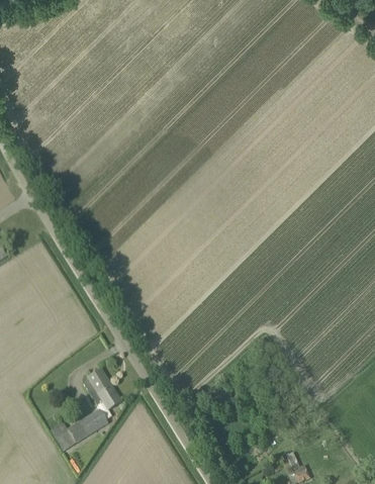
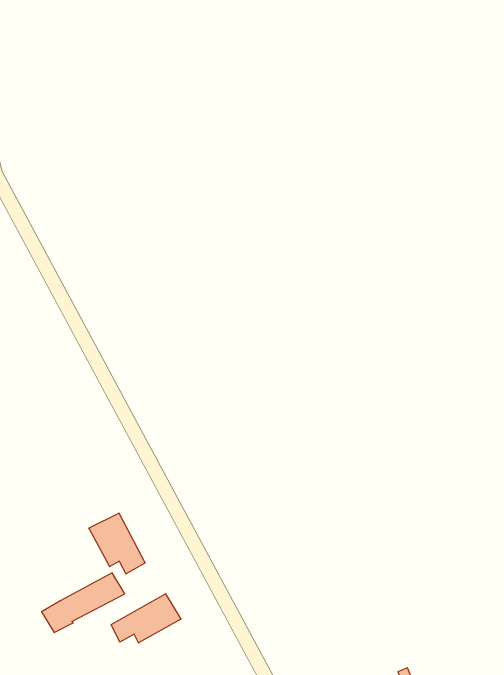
building: none -> [111,594,181,643]

